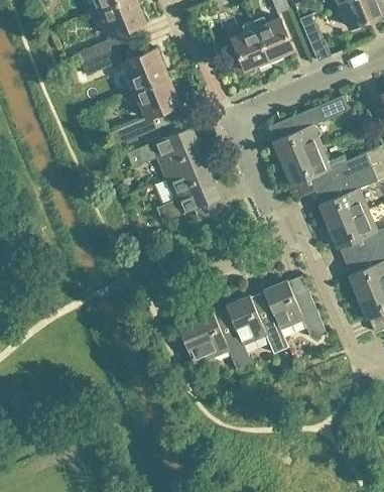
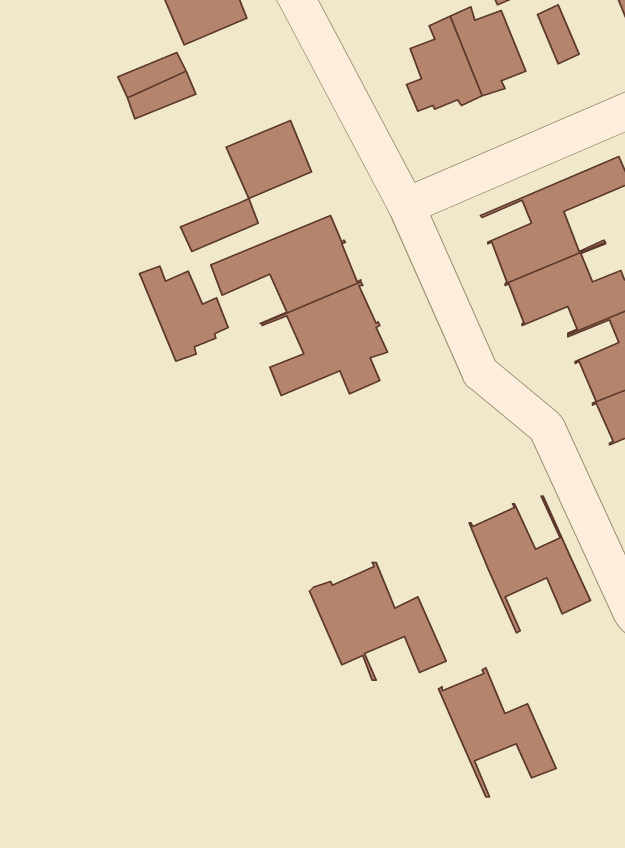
building: [121,47,167,90] -> none
building: none -> [140,266,228,361]
building: [225,294,287,363] -> [438,668,556,797]

